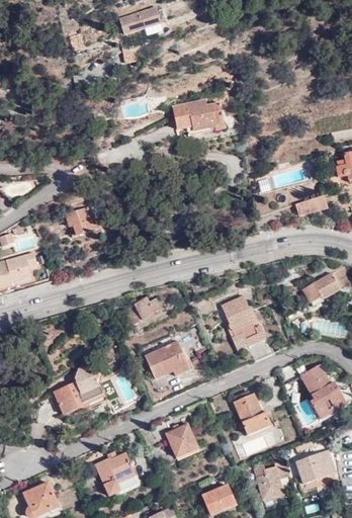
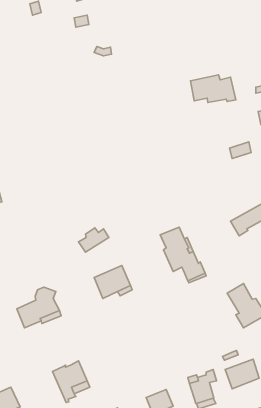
building: [172,98,225,131] -> [191,75,236,103]
building: [65,207,99,235] -> none
building: [234,391,271,432] -> none
building: [166,423,197,454] -> none

